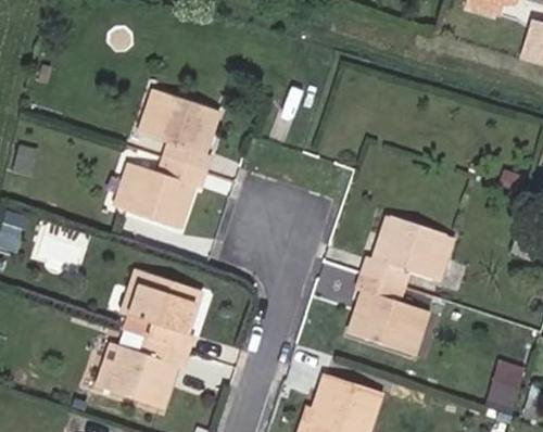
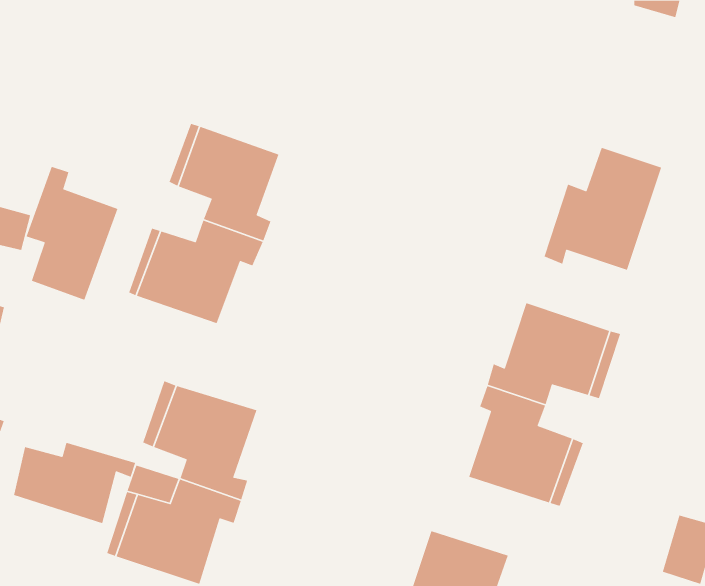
building: none -> [543,147,662,271]
building: none -> [26,166,118,301]
building: none -> [13,442,136,524]

